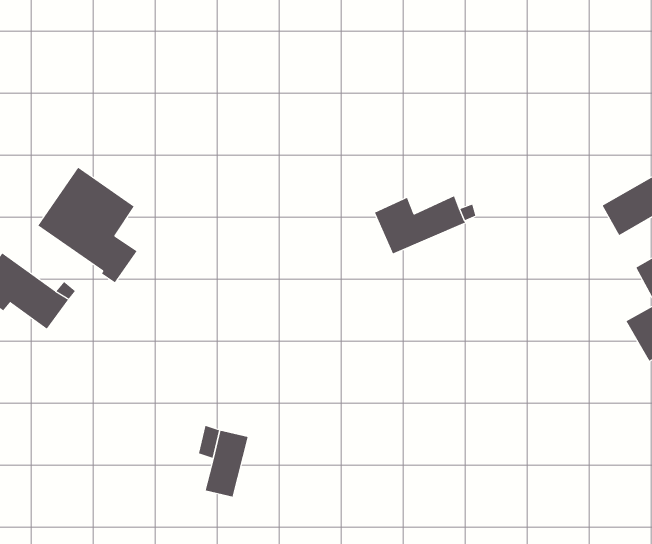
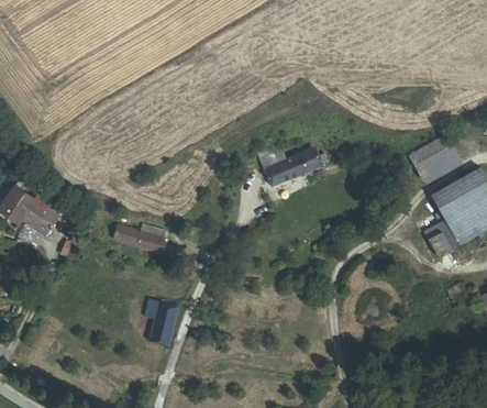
building: [38,167,138,283] -> none
building: none -> [113,225,164,253]

